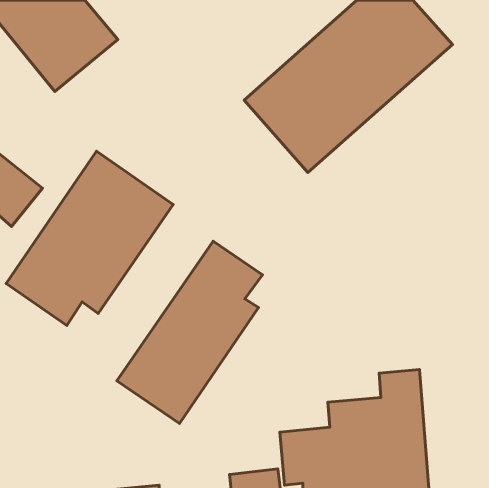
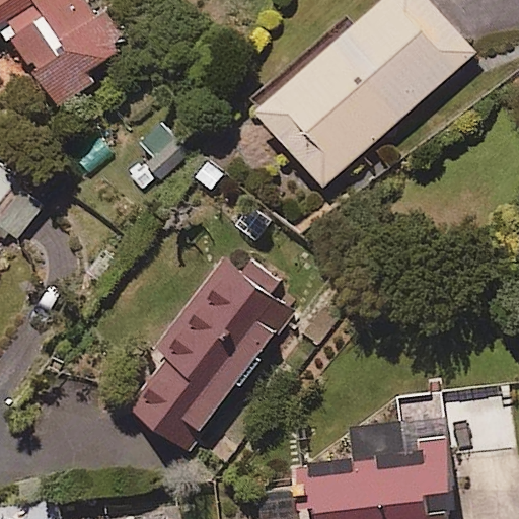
building: [6,151,173,325] -> none

